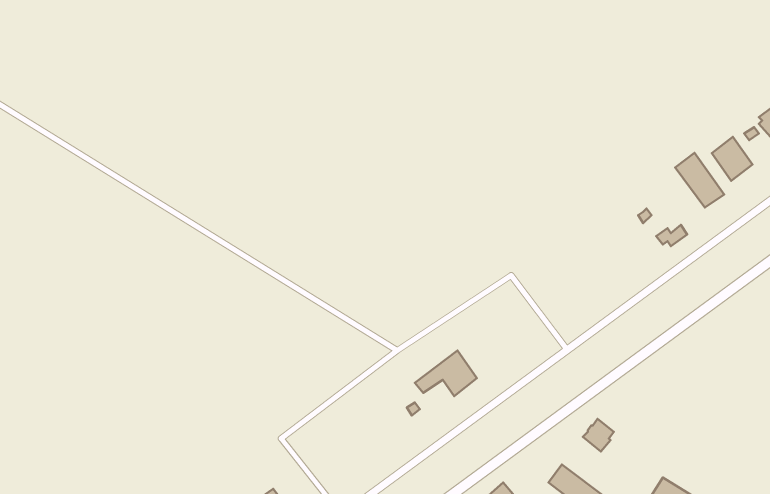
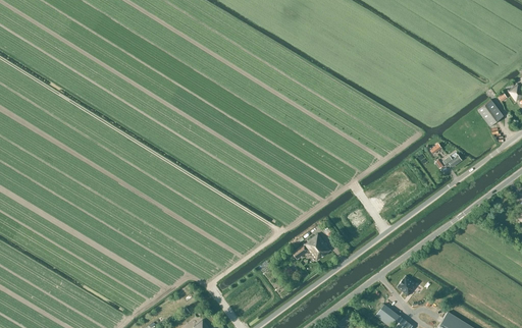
building: [675,153,724,208] -> none

